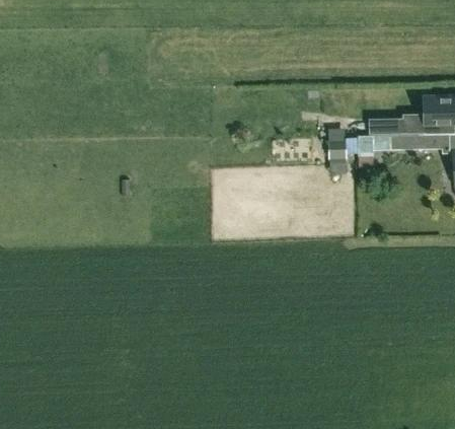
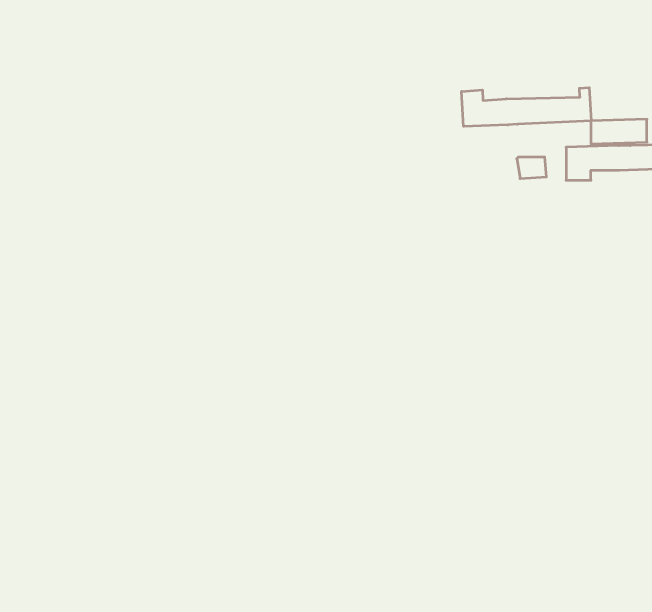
building: none -> [462,88,591,126]

